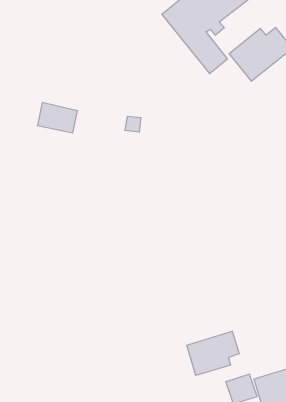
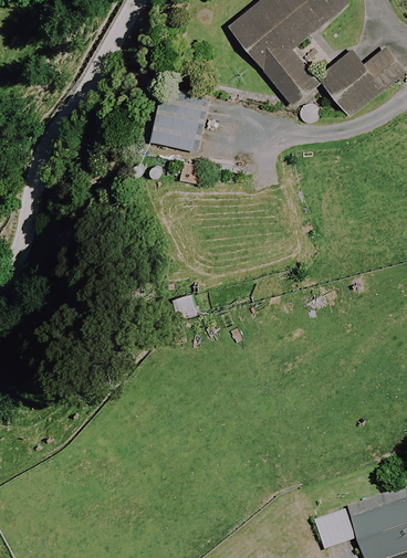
building: [37,103,78,133] -> [150,109,205,150]
building: [187,331,239,375] -> none

